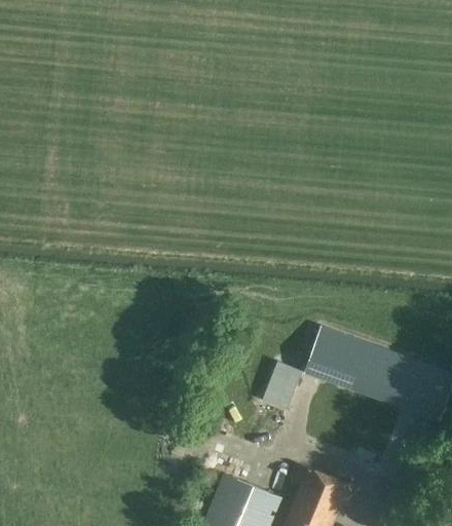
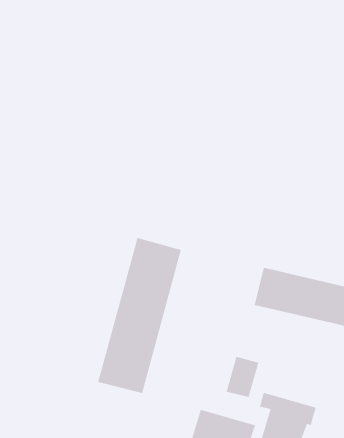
building: none -> [98,237,182,394]
building: [262,362,302,409] -> [226,356,259,398]

